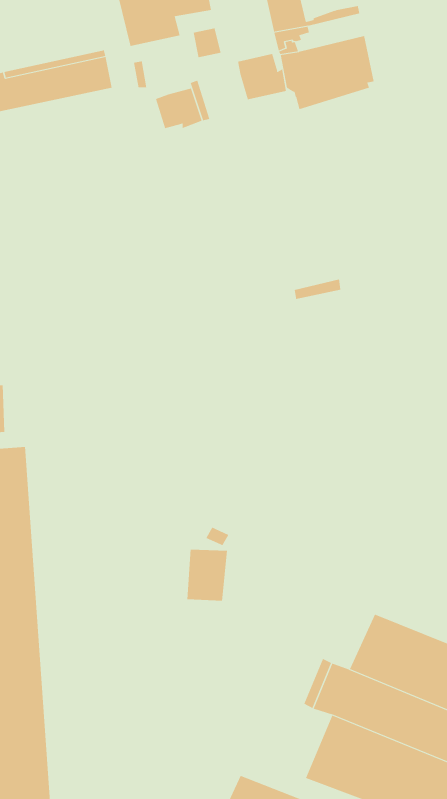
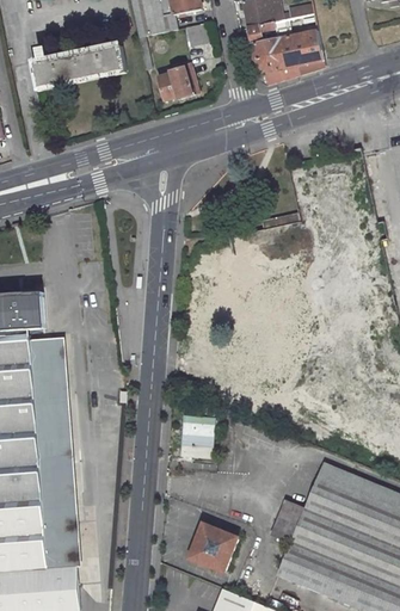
building: [238,53,286,100] -> none
building: none -> [187,523,238,572]

